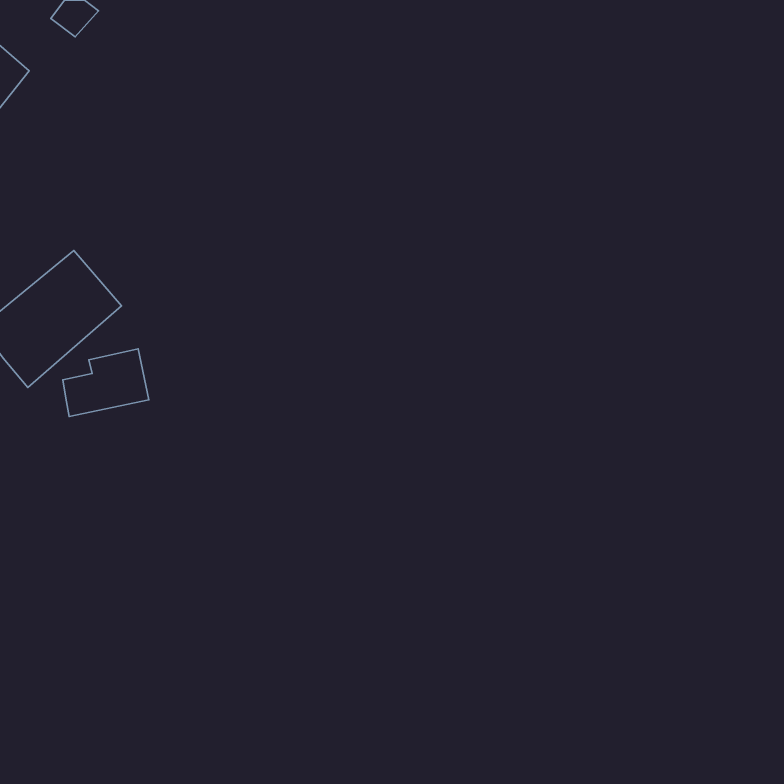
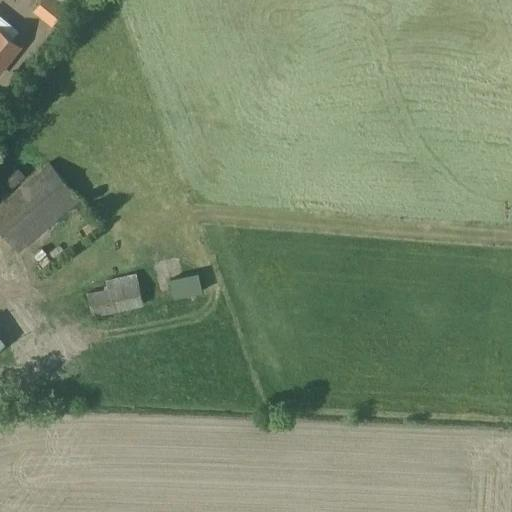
building: [63,349,149,417] -> [87,274,143,318]
building: none -> [169,274,202,298]

